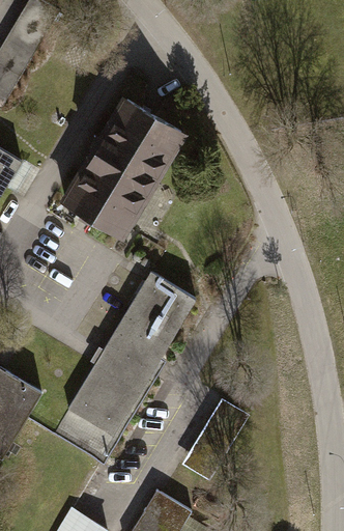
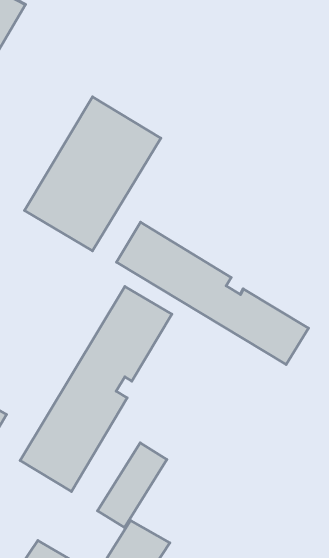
building: none -> [117,222,308,364]
building: [183,401,248,480] -> [98,443,167,528]

